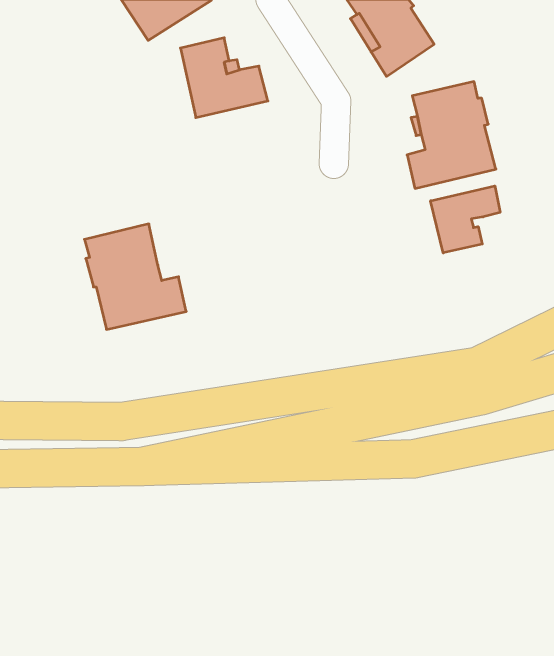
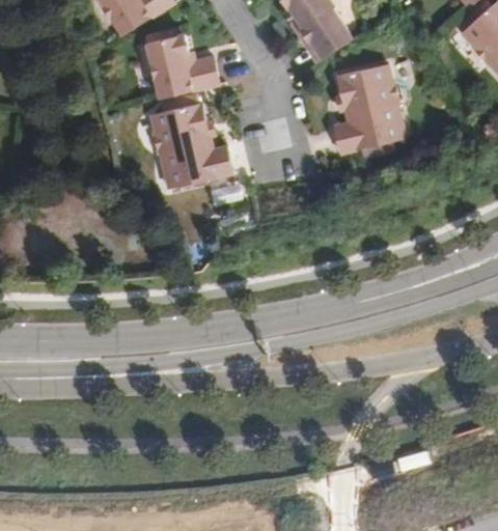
building: [431,186,500,253] -> none
building: [84,224,186,329] -> [148,102,230,187]

